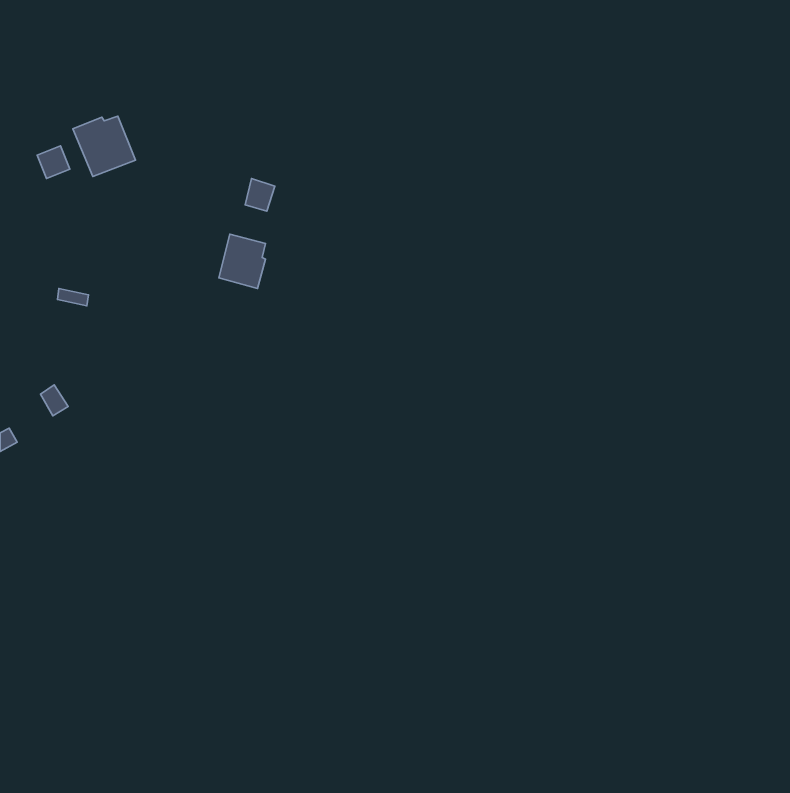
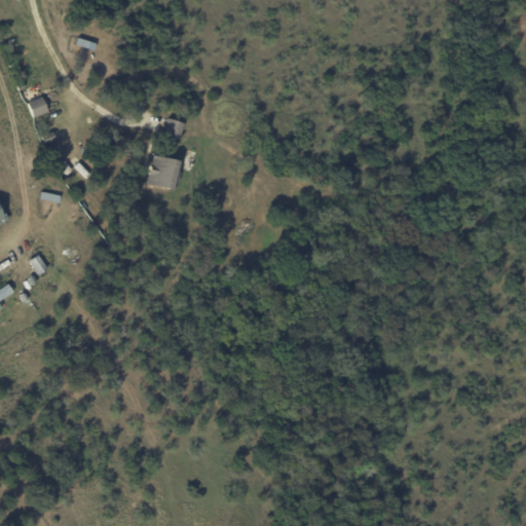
building: [73,116,135,177] -> none

